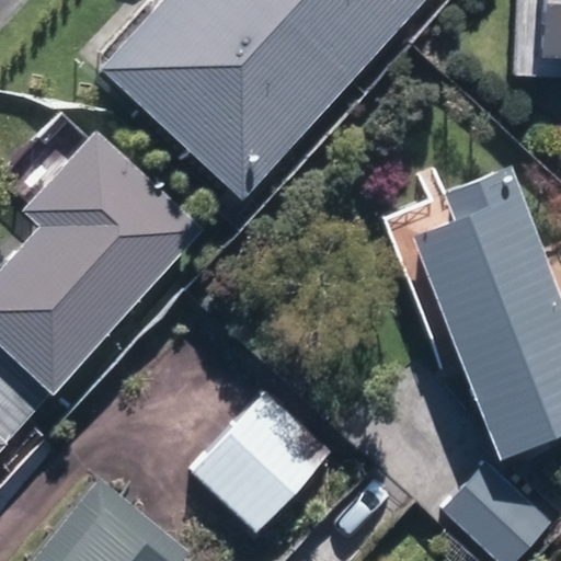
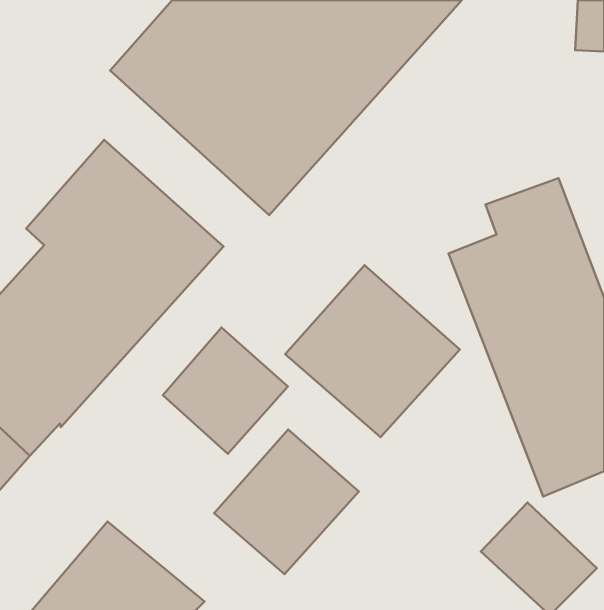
building: none -> [285,265,460,437]
building: none -> [163,328,288,454]

